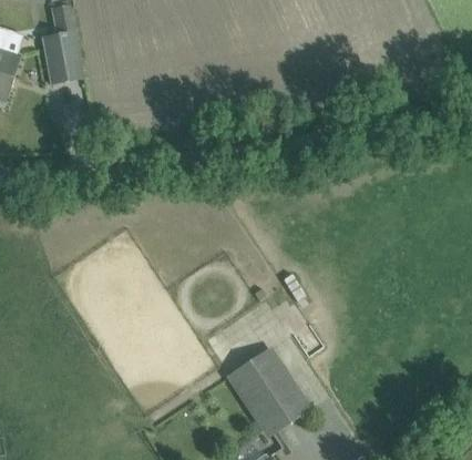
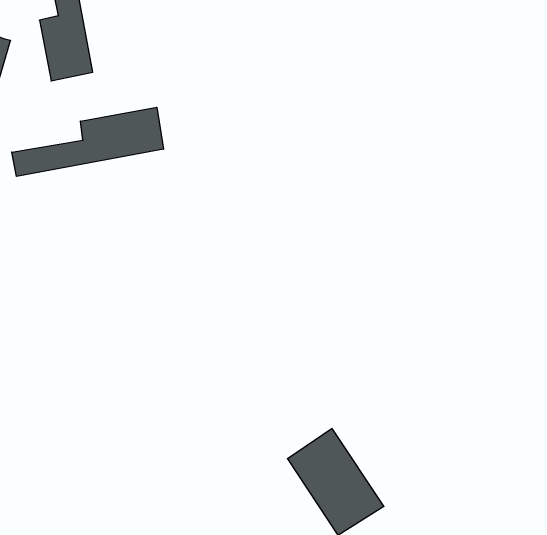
building: none -> [12,107,163,176]

